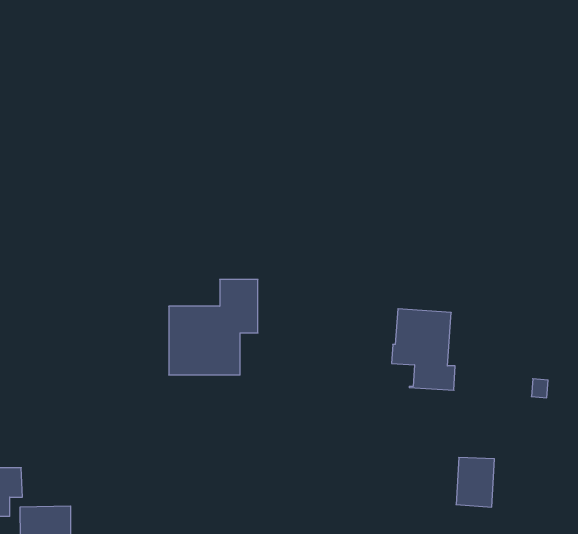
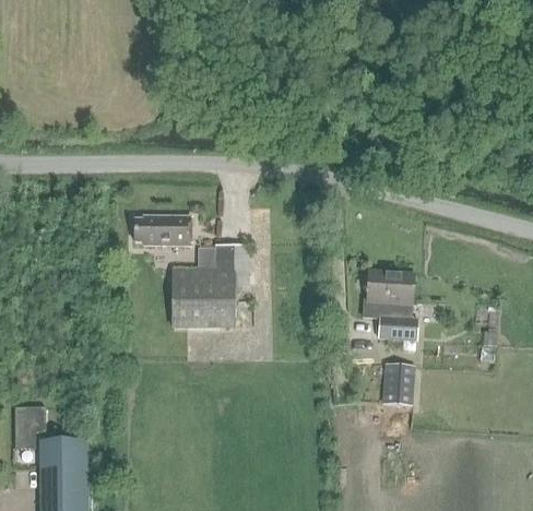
building: none -> [133,215,190,245]
building: [456,458,494,507] -> [381,364,414,406]

